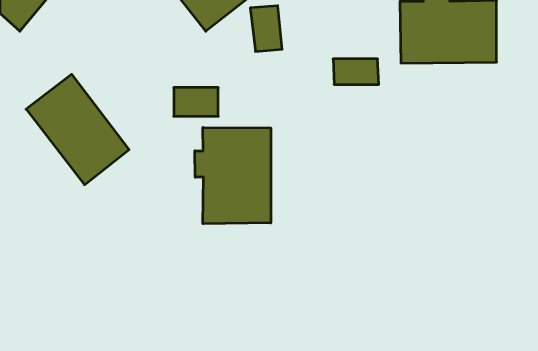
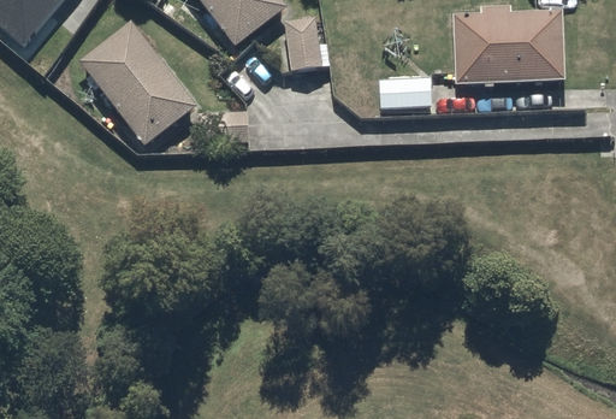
building: [26,74,129,185] -> [77,20,194,146]
building: [195,127,271,224] -> none

